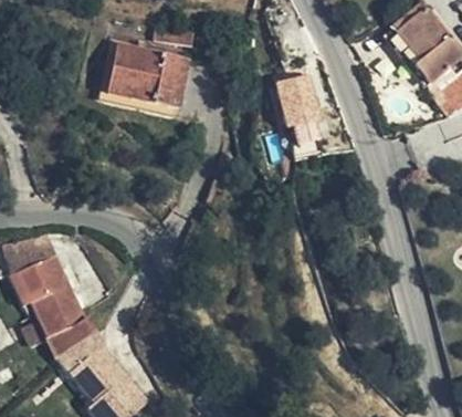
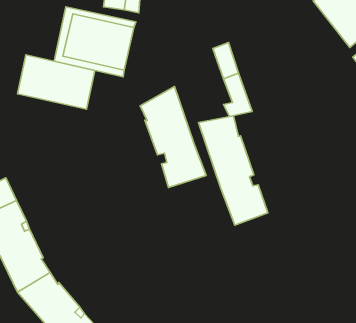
building: none -> [18,55,95,109]
building: none -> [140,86,206,188]
building: none -> [198,116,268,225]

